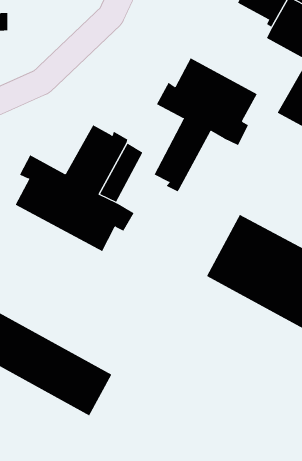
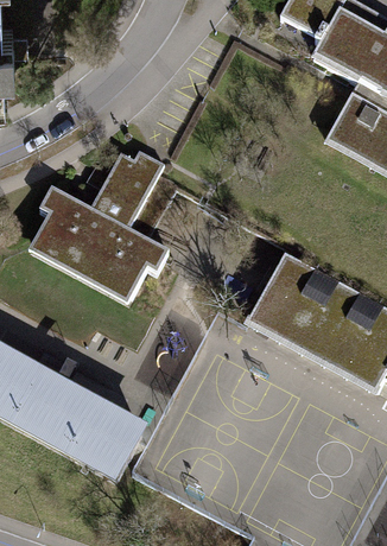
building: [154,58,258,192] -> none

